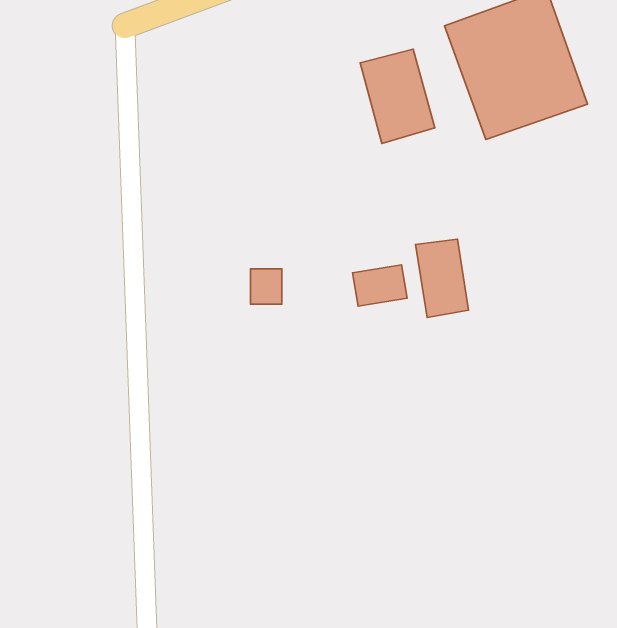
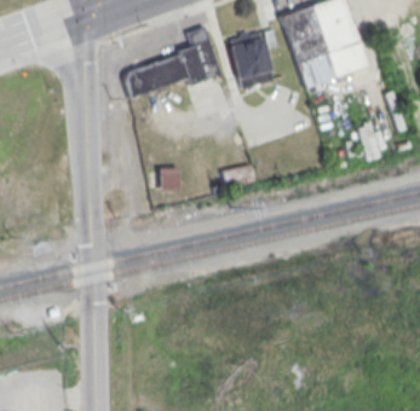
building: none -> [125,27,221,99]
building: [415,239,469,317] -> none

